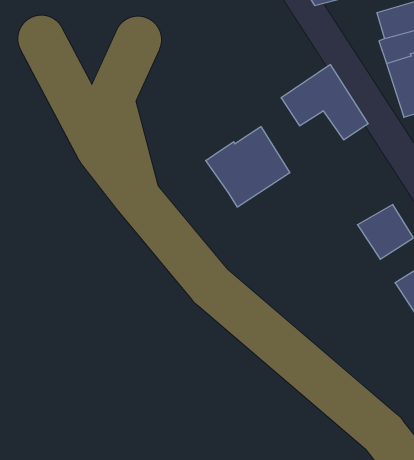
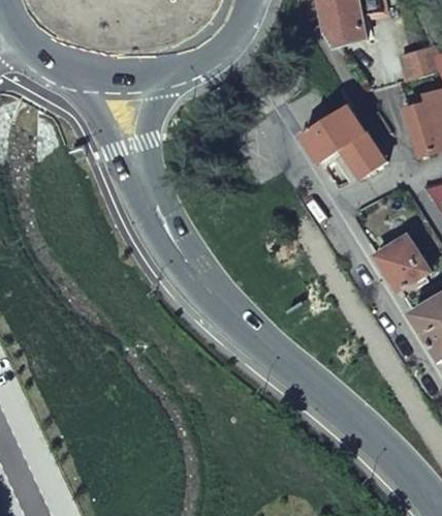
building: [206,127,290,207] -> none

